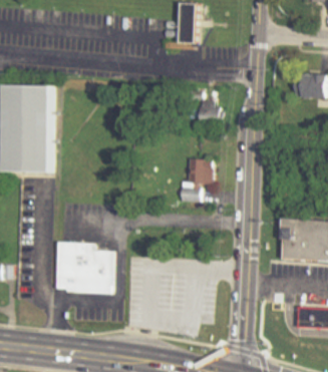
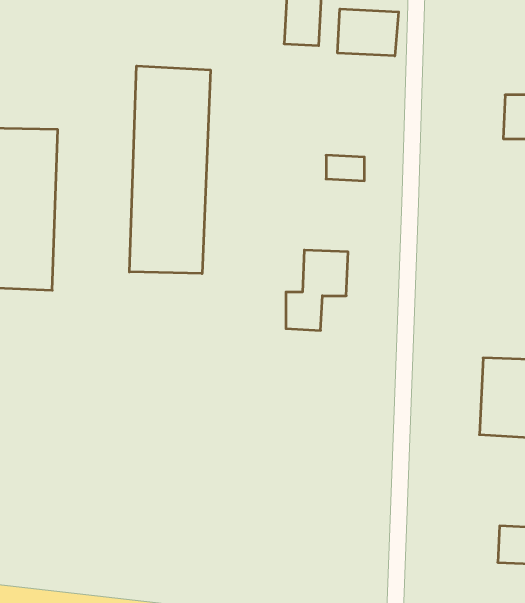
building: none -> [338,9,399,56]
building: none -> [129,66,210,274]
building: [55,242,108,293] -> none

